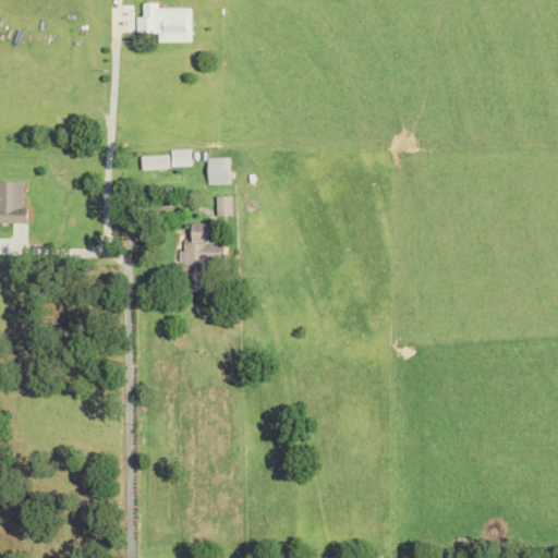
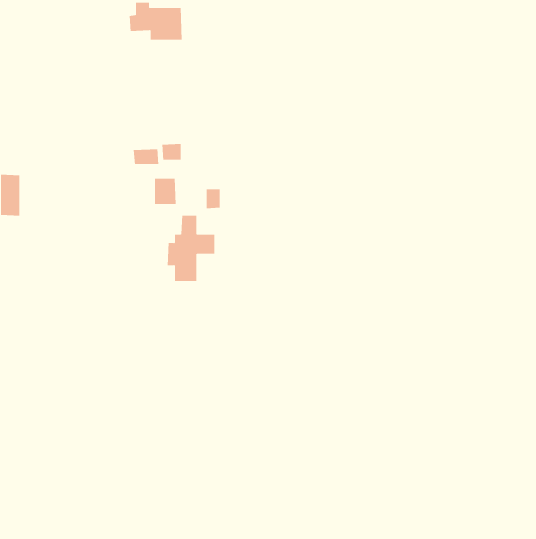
building: [207,157,230,184] -> [154,178,176,204]

